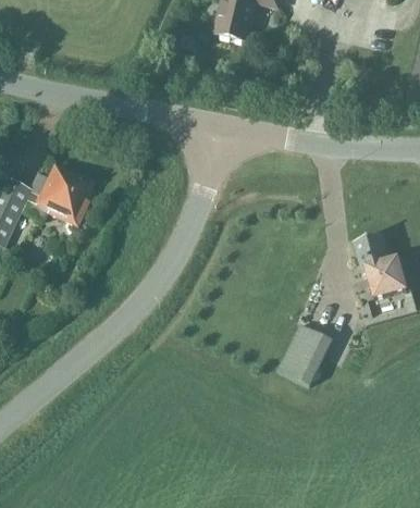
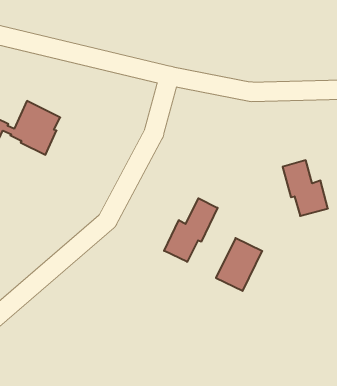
building: none -> [164,198,218,262]

